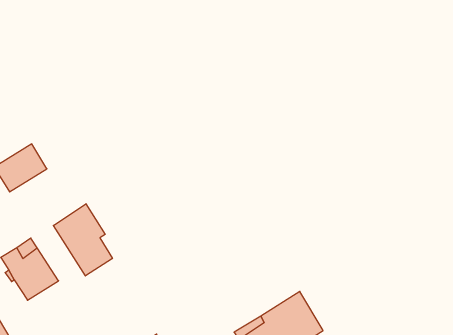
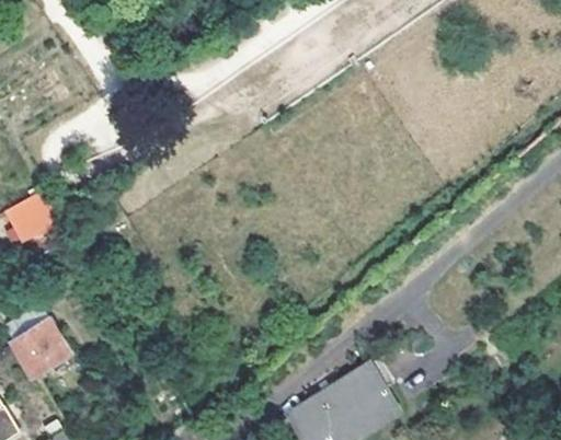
building: [53,204,112,276] -> none

